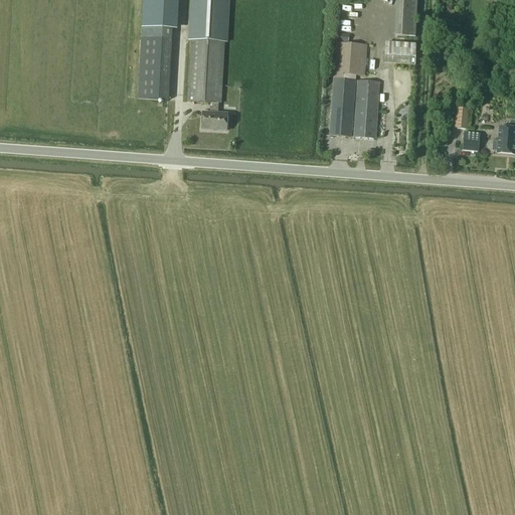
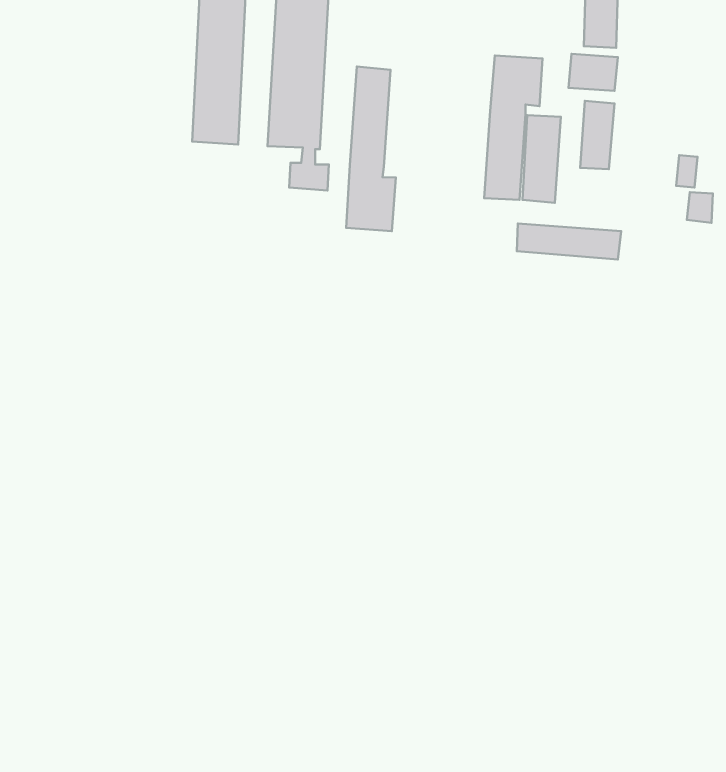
building: none -> [346,66,396,231]
building: none -> [580,101,615,169]
building: none -> [517,224,621,260]

